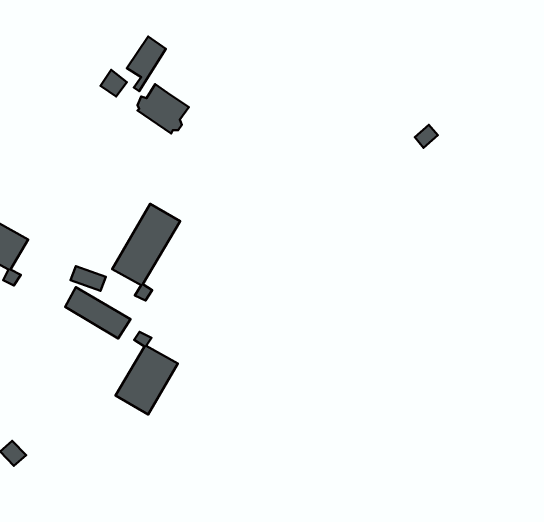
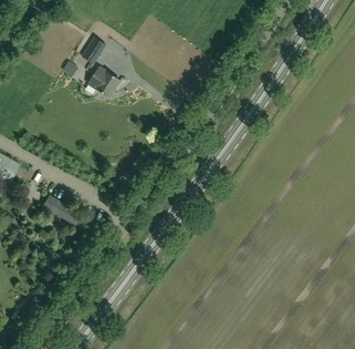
building: [112,204,180,301] -> none
building: [115,332,178,415] -> none

